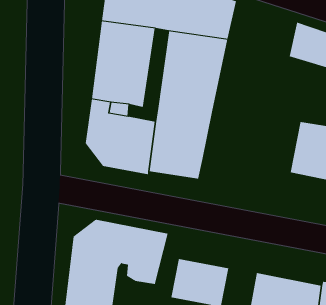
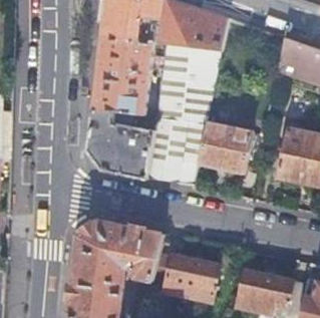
building: none -> [197,121,264,174]

